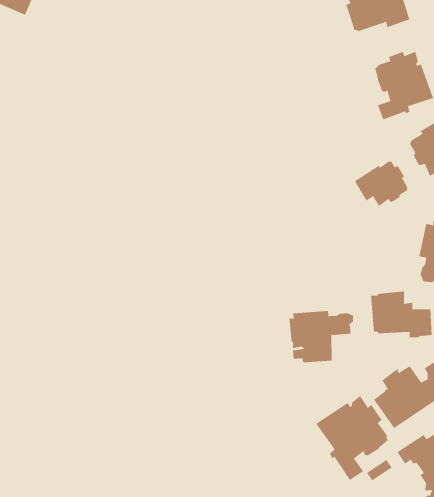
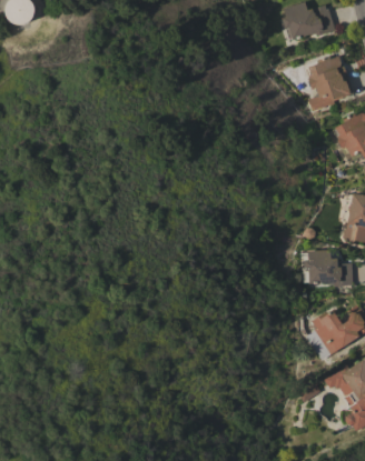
building: [354,160,408,207] -> none
building: [289,310,354,363] -> none
building: [316,395,389,481] -> none

